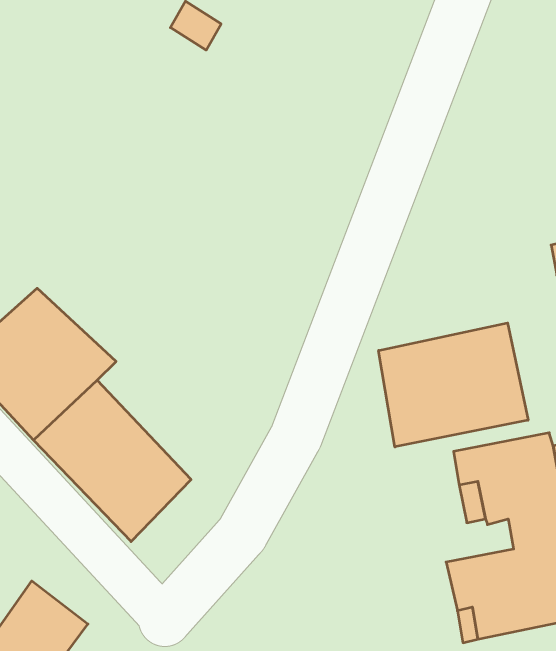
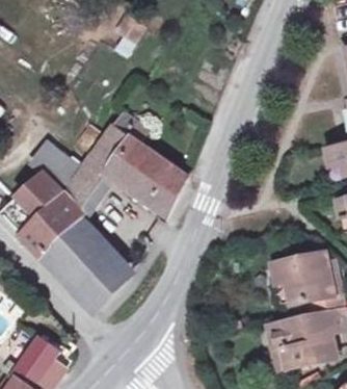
building: none -> [31,110,188,215]
building: [379,323,528,447] -> none

